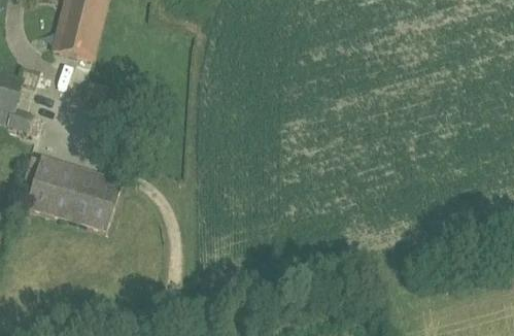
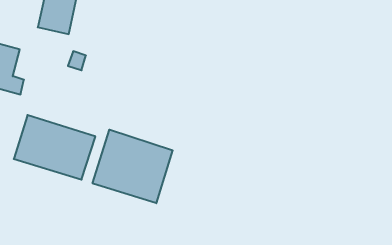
building: none -> [93,130,173,203]

